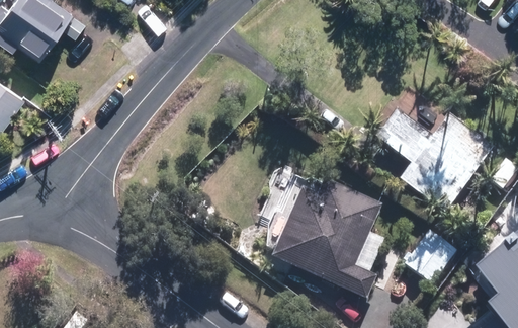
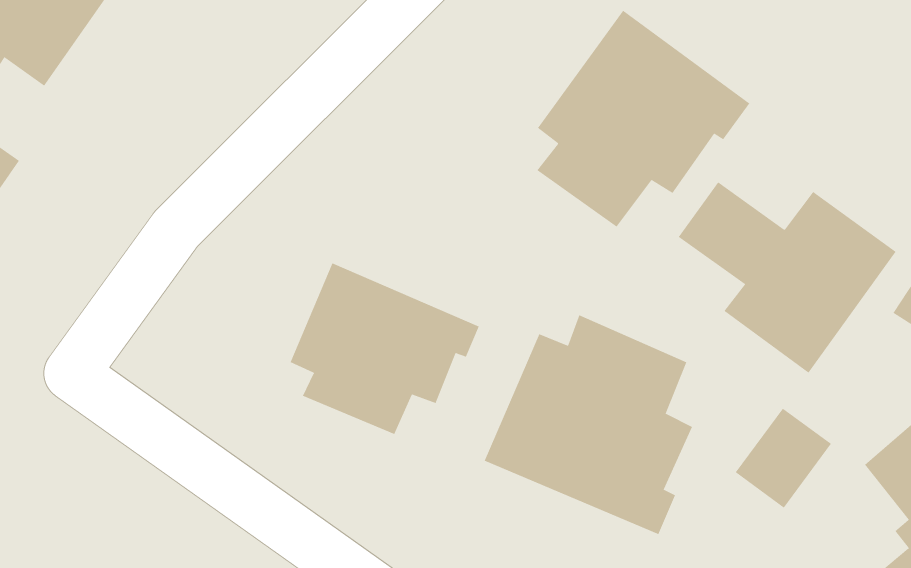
building: none -> [536,10,750,228]
building: none -> [290,263,479,435]

